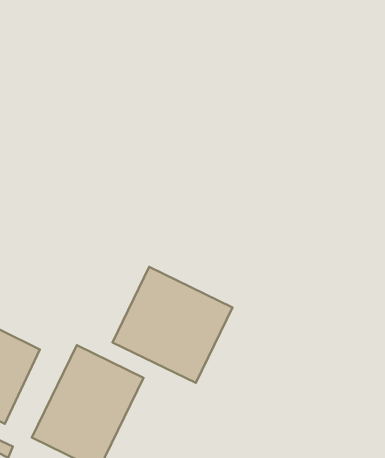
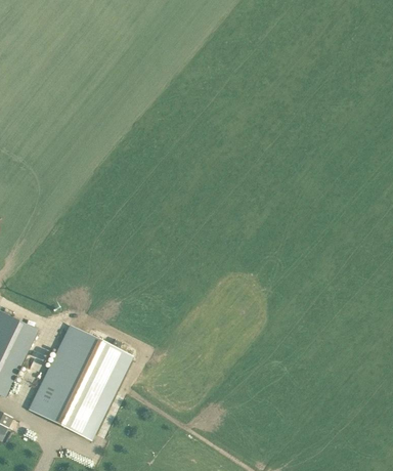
building: [112,267,233,383] -> none

